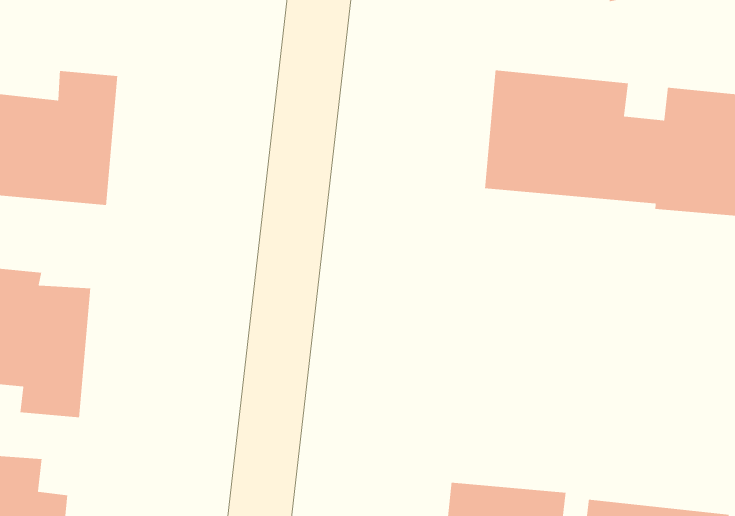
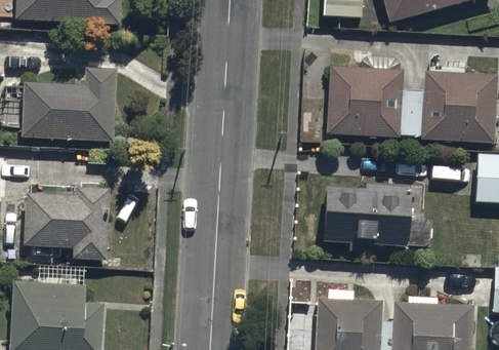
building: none -> [329,185,433,254]

